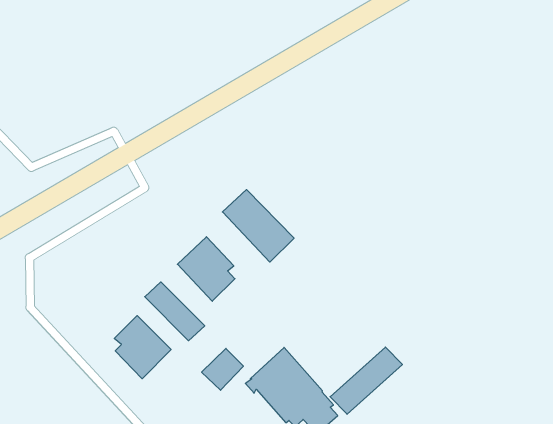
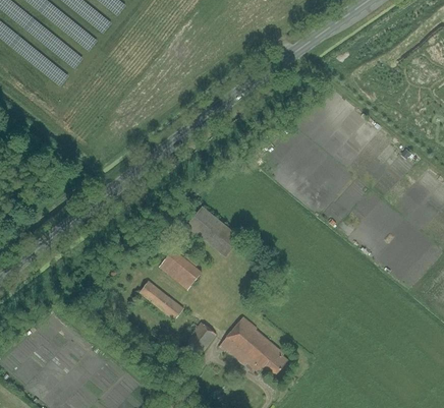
building: [114,316,171,379] -> none
building: [330,347,402,414] -> none

